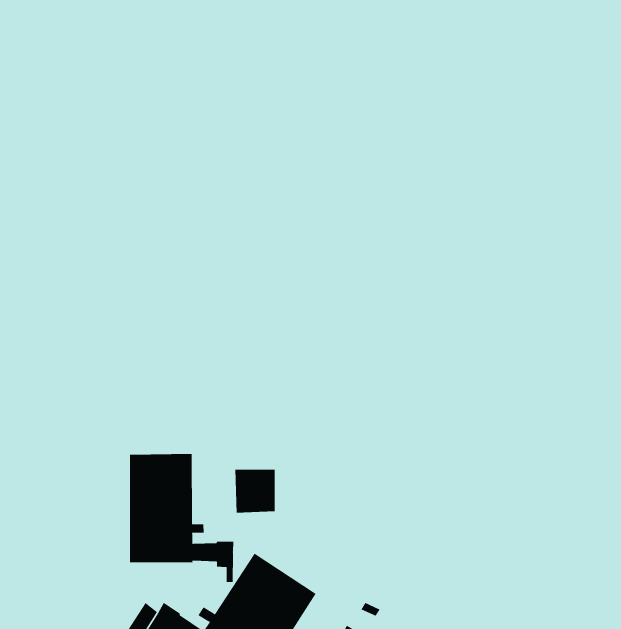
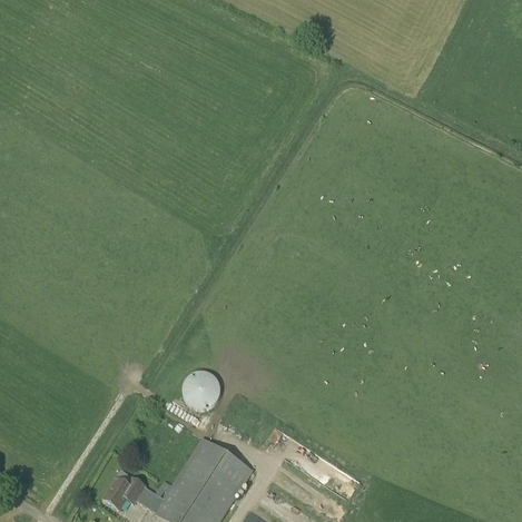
building: [129,453,234,583] -> none

